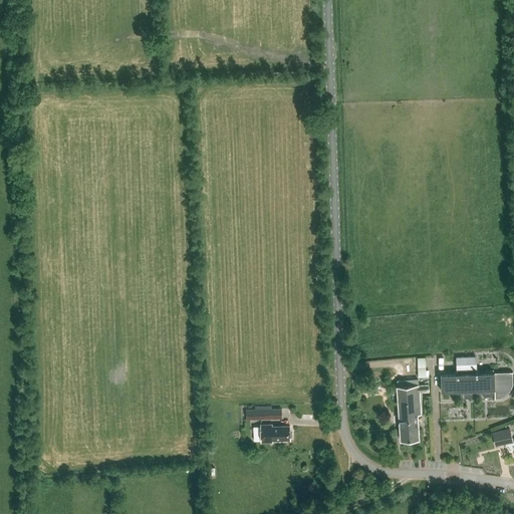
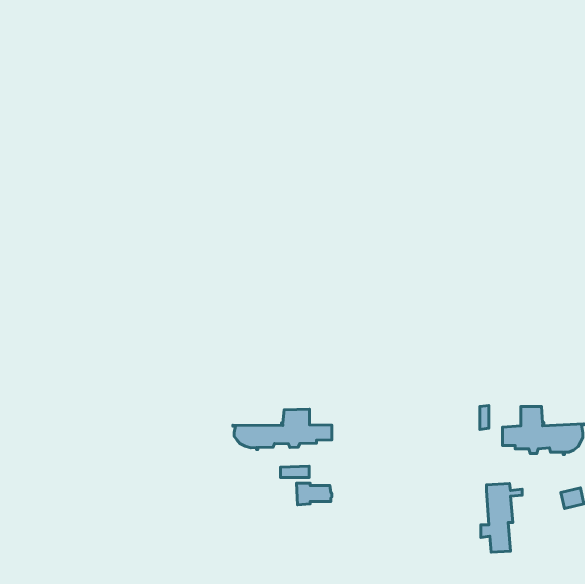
building: none -> [233,409,332,449]
building: [393,380,429,441] -> [481,484,522,552]

